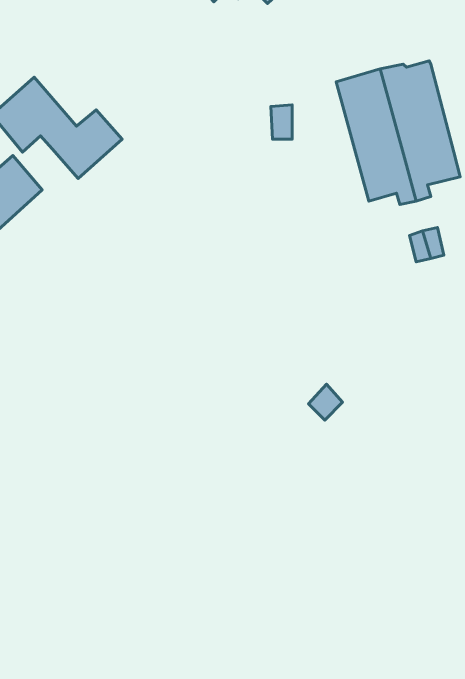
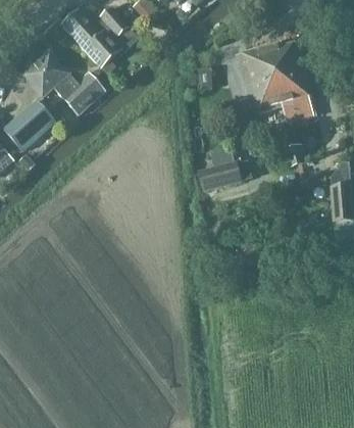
building: none -> [61,7,138,73]
building: none -> [196,132,252,193]

